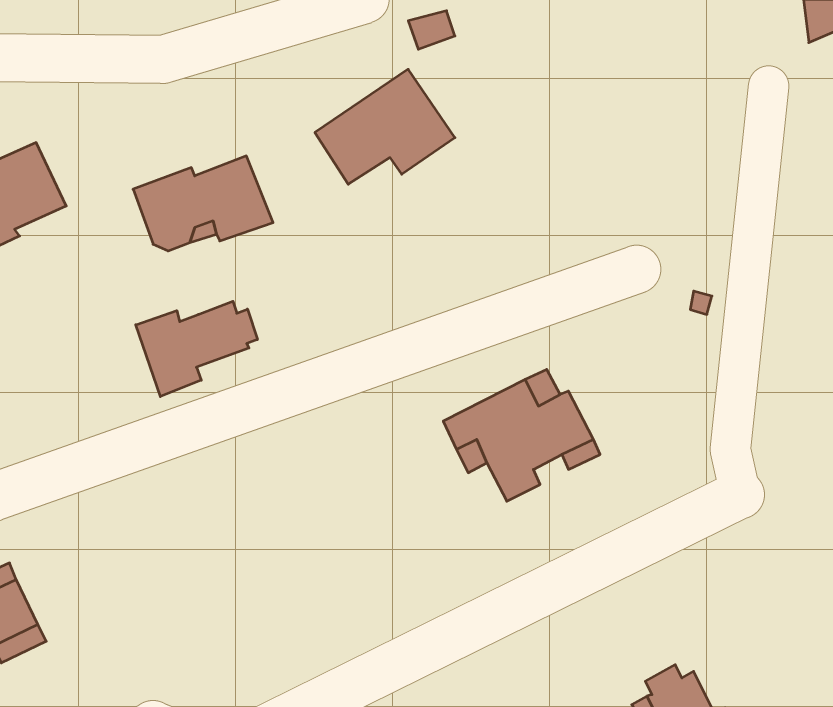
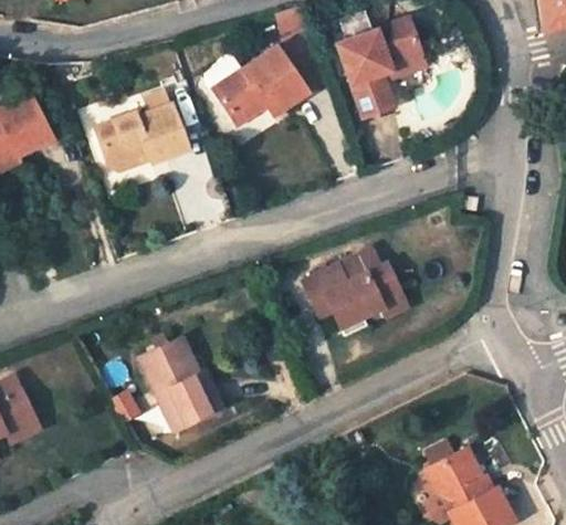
building: none -> [338,20,427,119]
building: [136,301,257,397] -> none
building: none -> [137,337,229,431]

